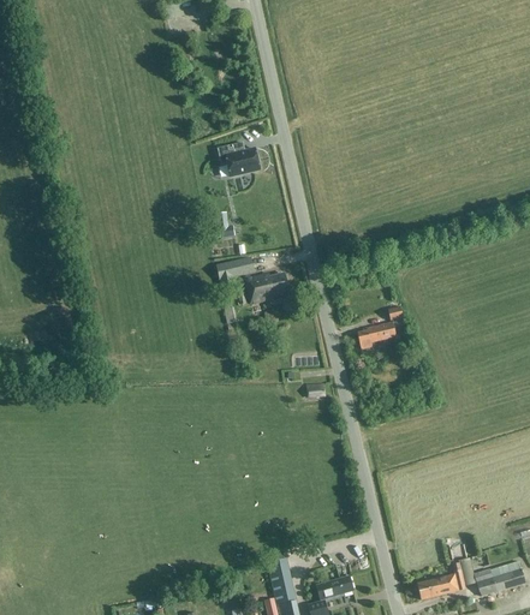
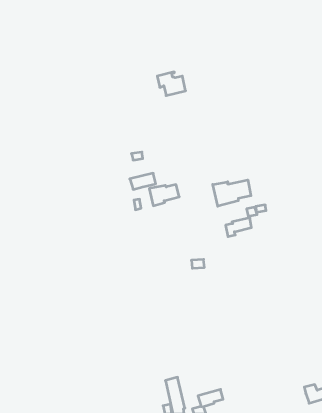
building: [218,142,260,177] -> [157,72,186,96]
building: none -> [213,180,251,206]
building: [417,562,466,599] -> none

